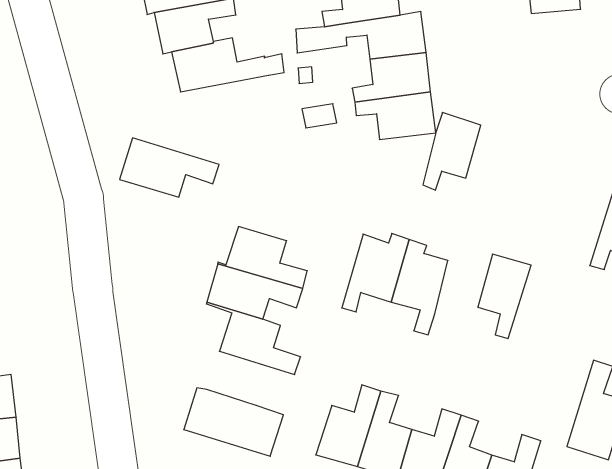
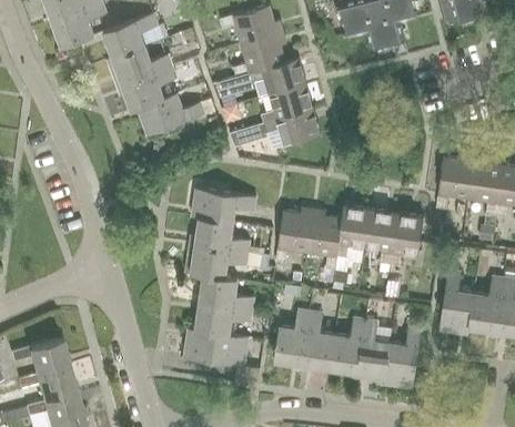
building: [423,112,481,190] -> [339,205,371,257]
building: [120,138,219,197] -> [192,187,256,222]
building: none -> [390,213,424,265]
building: none -> [195,302,252,334]

